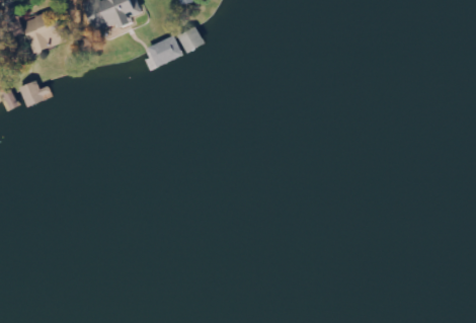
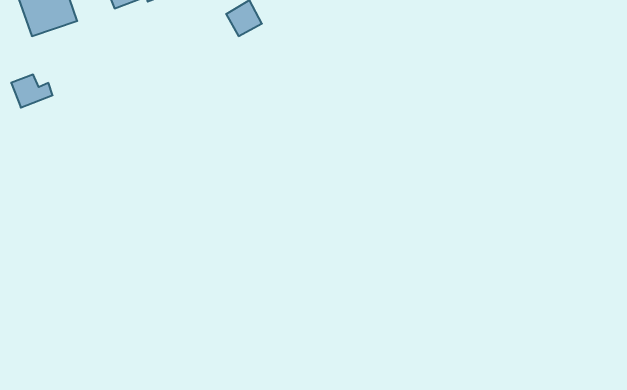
building: [147,36,180,66] -> none

